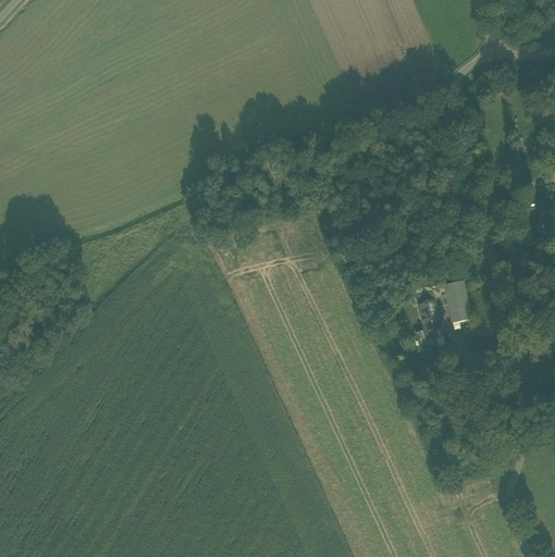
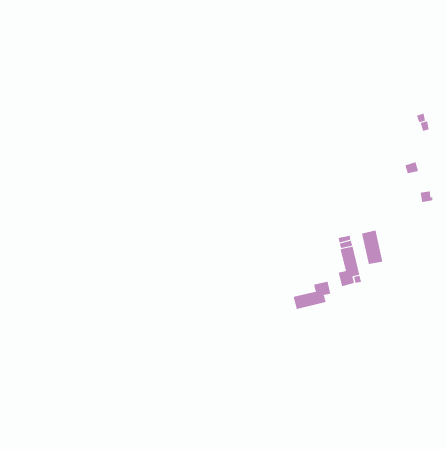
building: none -> [293,281,331,310]

